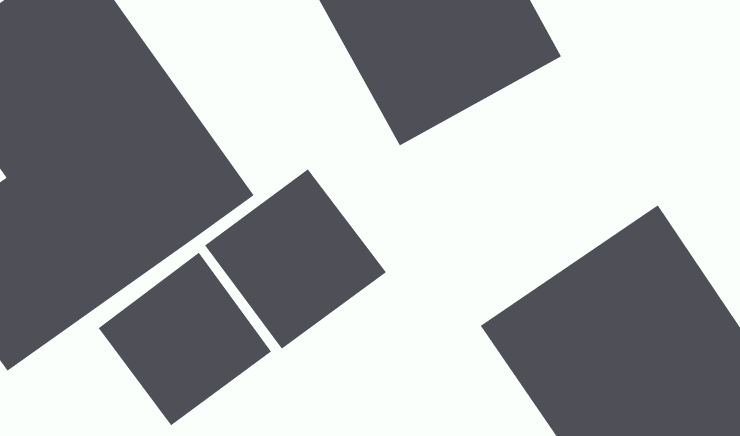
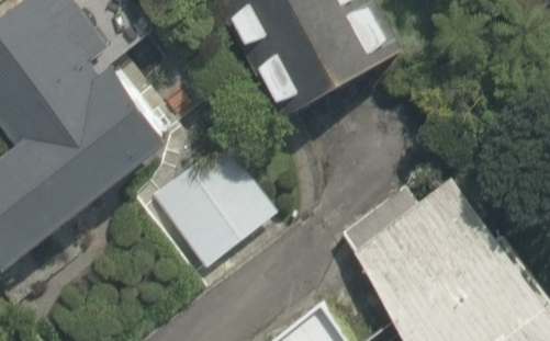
building: [98,252,272,426] -> none

